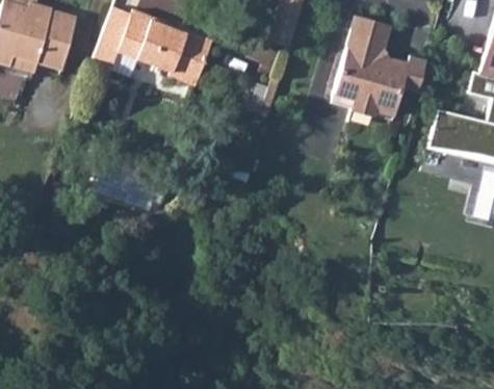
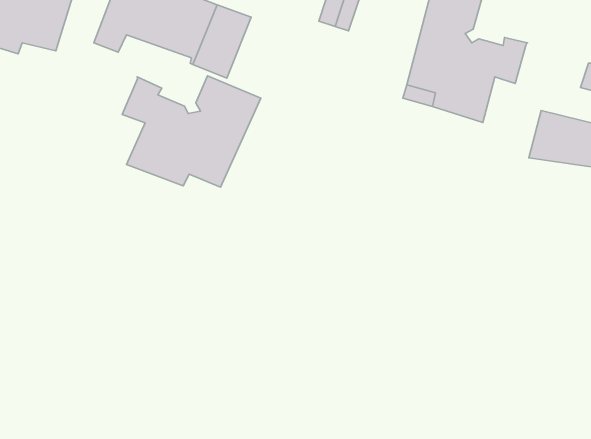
building: none -> [122,76,261,187]

